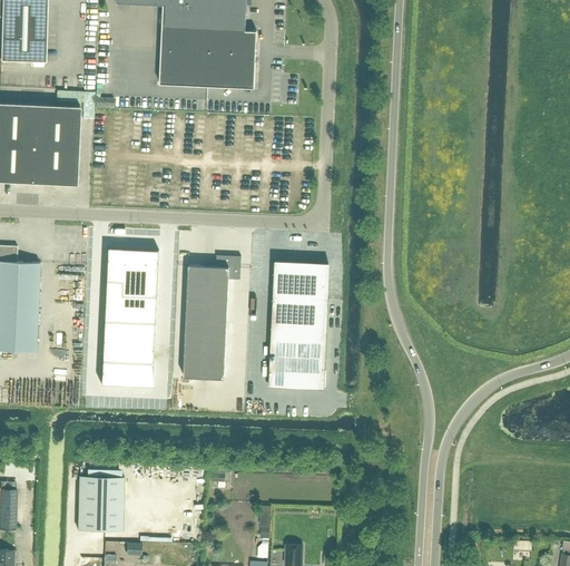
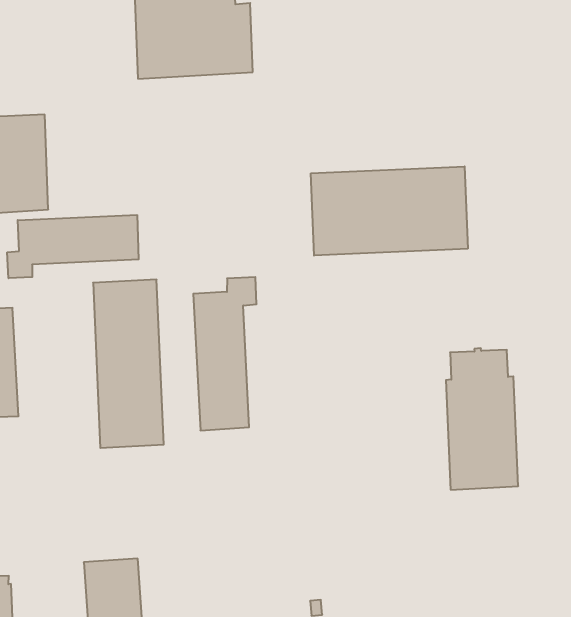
building: none -> [311,166,468,256]
building: none -> [7,215,139,278]
building: [268,273,328,389] -> [446,348,518,490]

